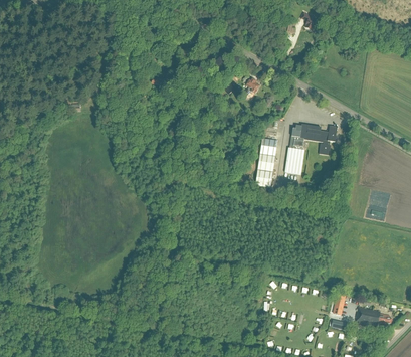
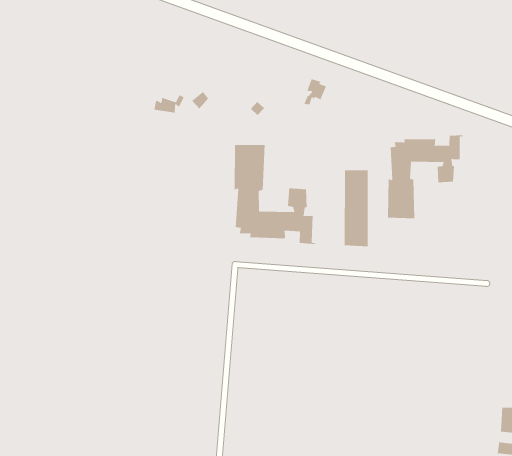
building: none -> [234,144,316,245]

